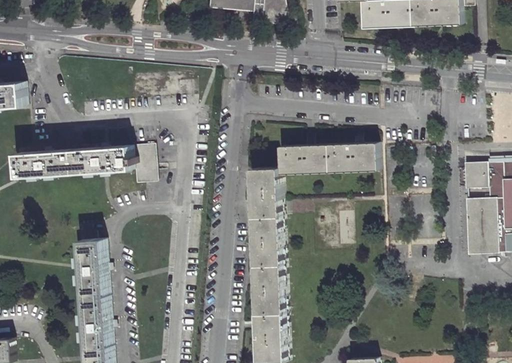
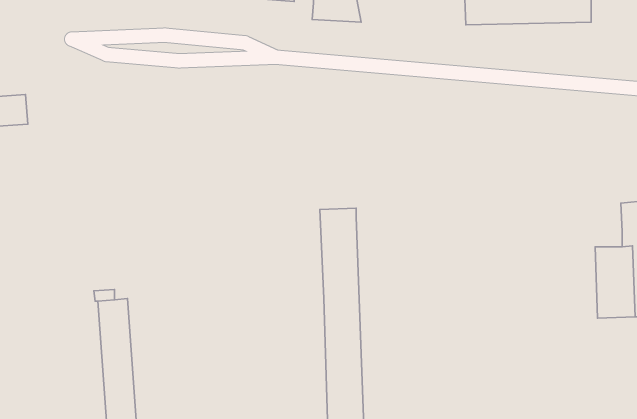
building: [15,143,155,182] -> none
building: [277,144,377,175] -> none
building: [462,164,484,187] -> none

